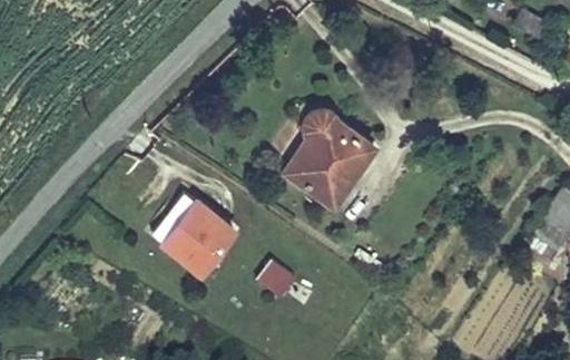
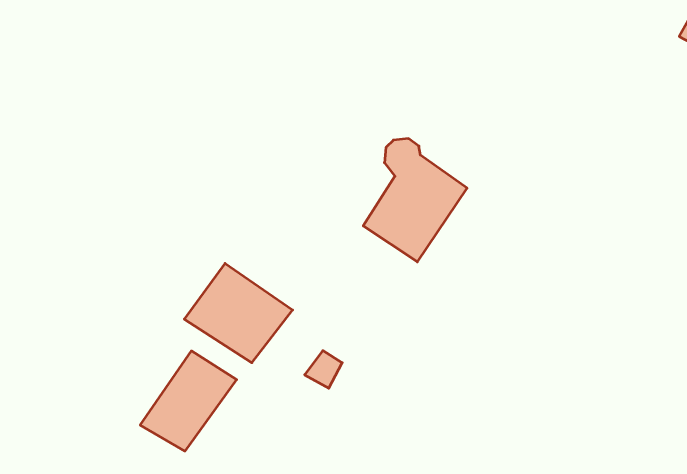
building: none -> [140,351,237,451]

